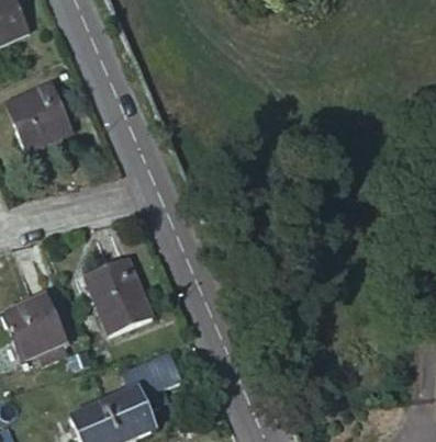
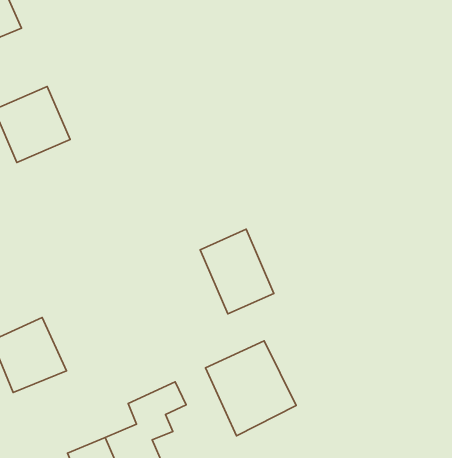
building: [85,257,152,333] -> [200,229,274,314]
building: none -> [205,341,296,436]

